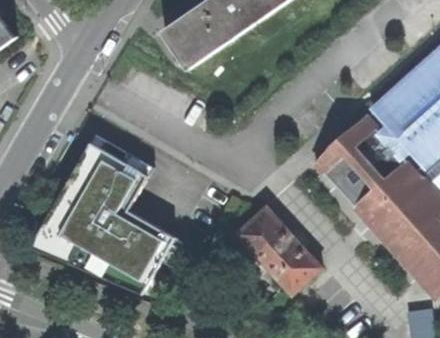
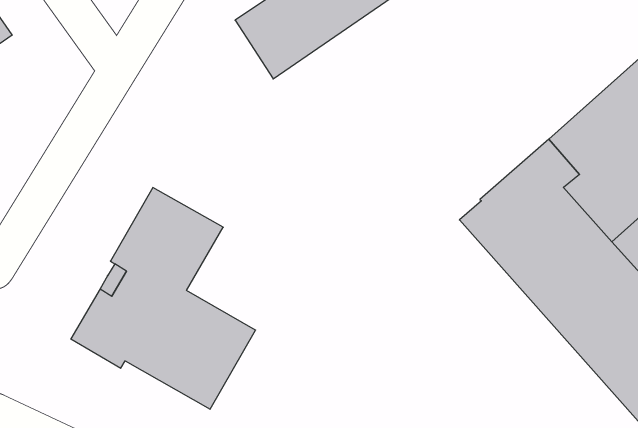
building: [236,207,320,295] -> none

